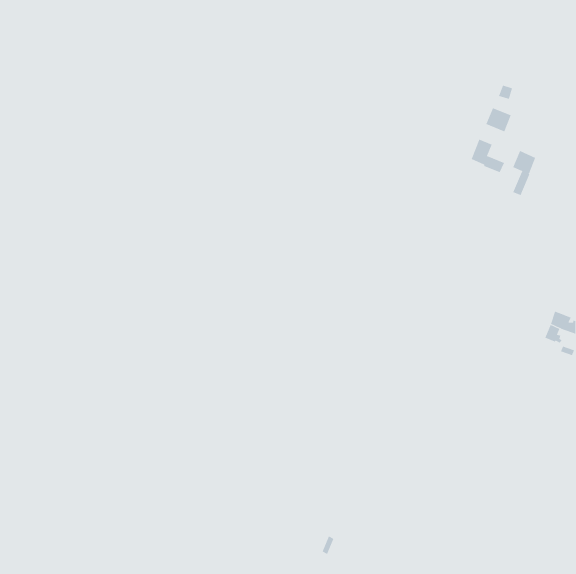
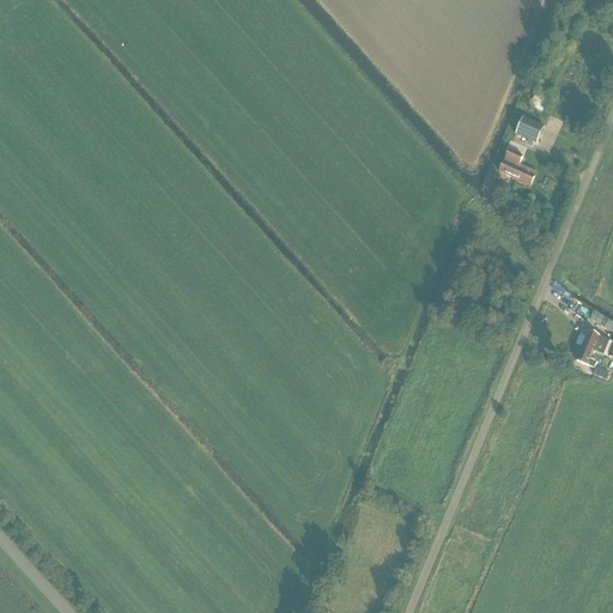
building: [513,150,536,196] -> none

